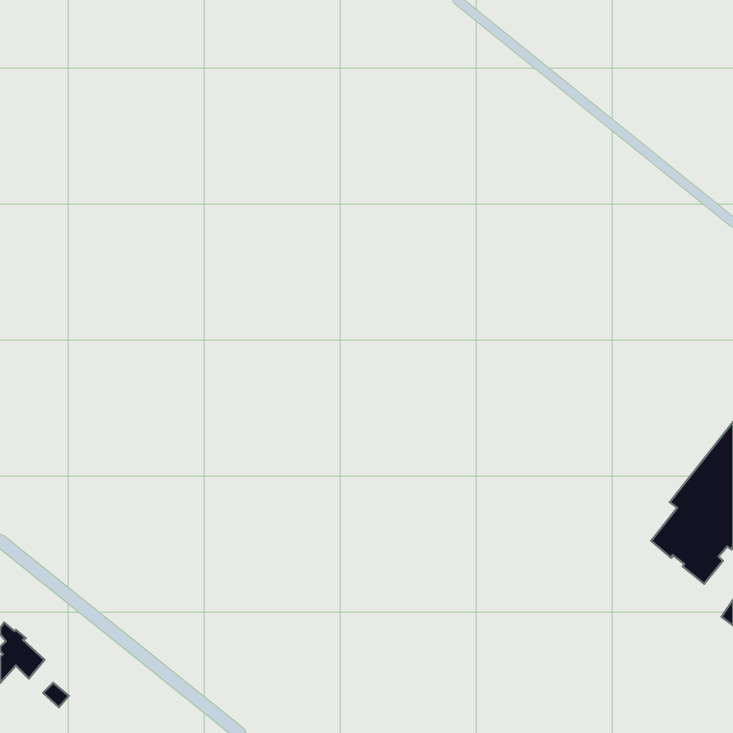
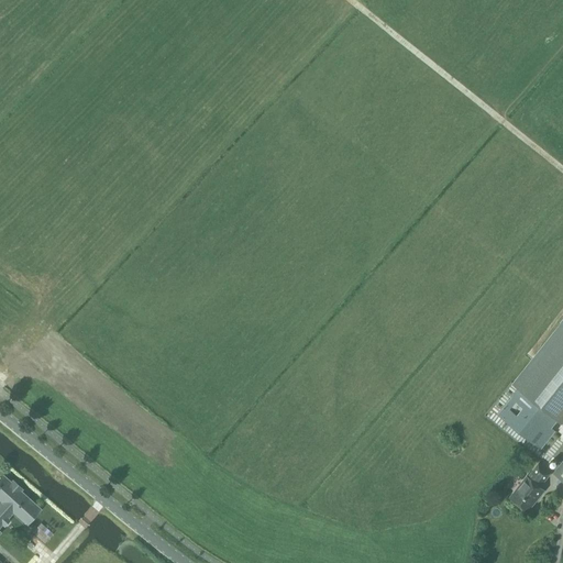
building: none -> [510,464,550,510]

